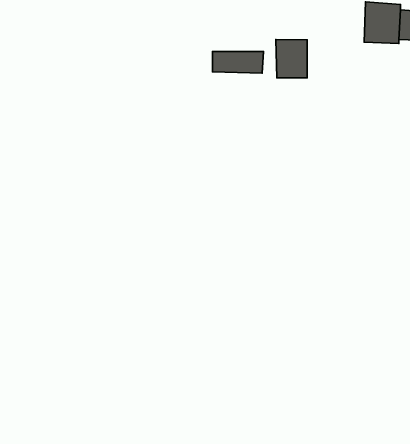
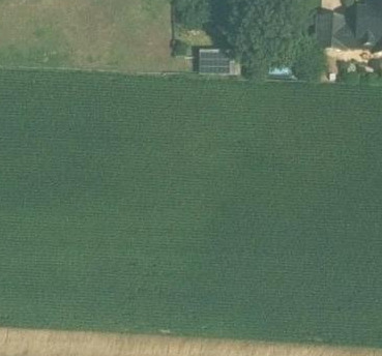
building: [276,39,307,78] -> none

